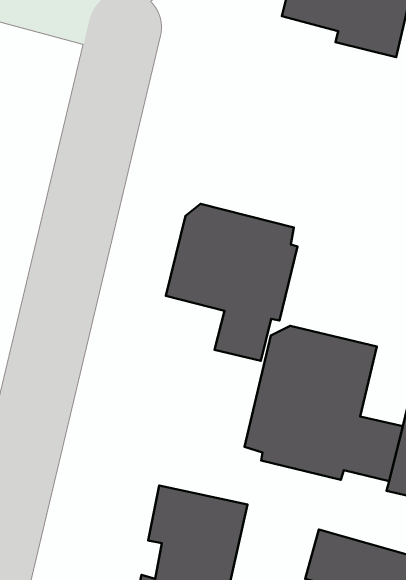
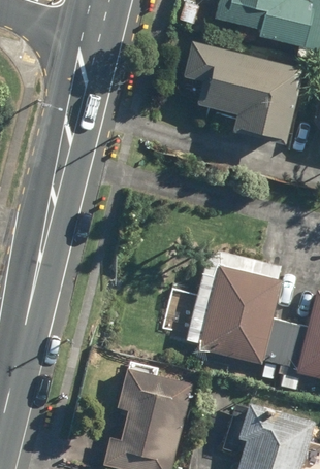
building: none -> [181,40,302,146]
building: [166,204,298,361] -> none

